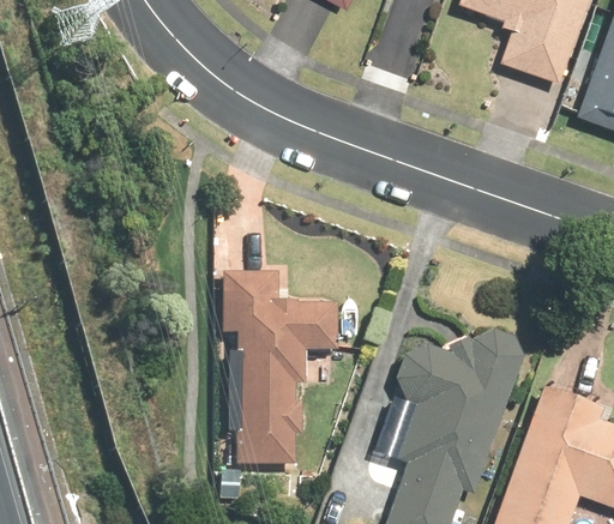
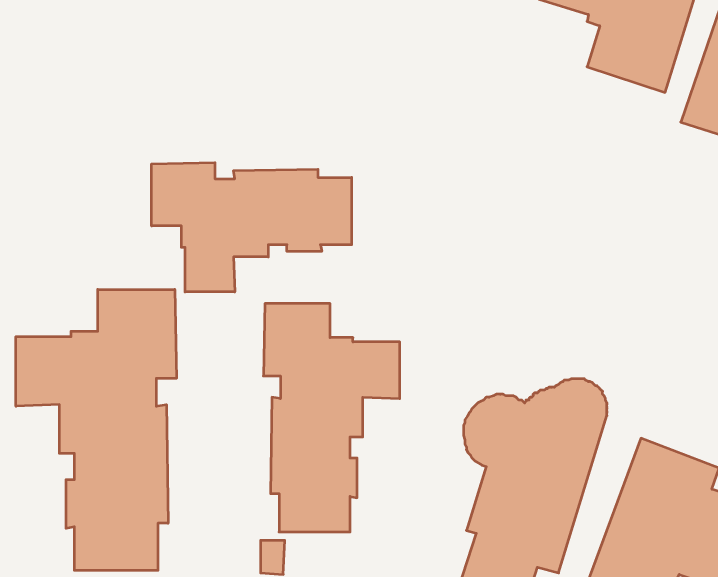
building: none -> [152,163,352,292]
building: none -> [16,289,176,570]

